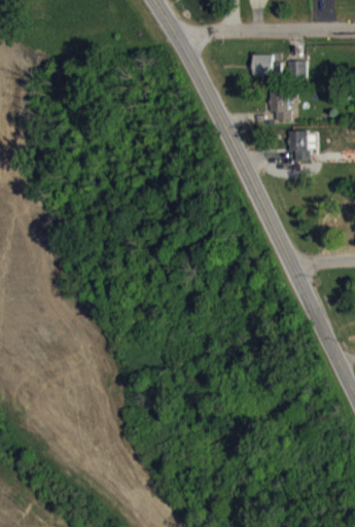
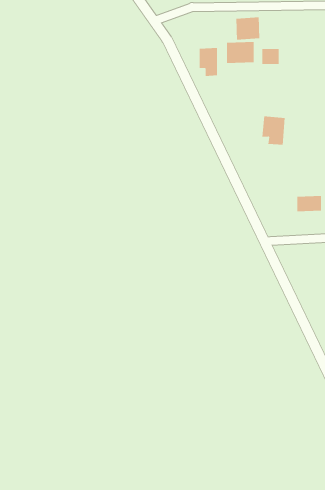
building: none -> [236,17,260,40]
building: [270,92,289,121] -> [199,47,218,77]

